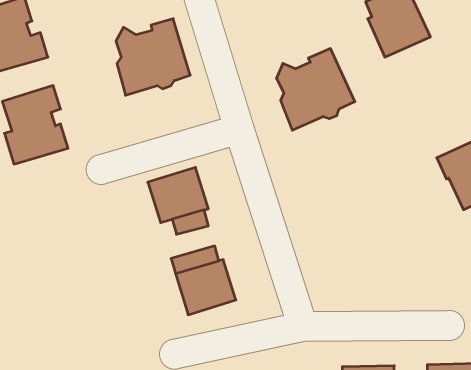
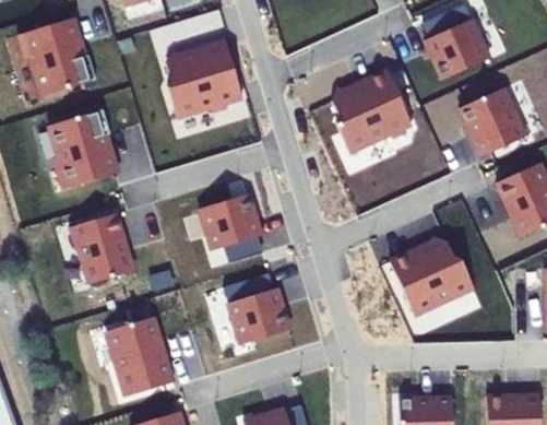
building: none -> [459,86,525,156]
building: none -> [69,212,132,283]
building: none -> [391,237,475,318]
building: none -> [108,315,174,396]

